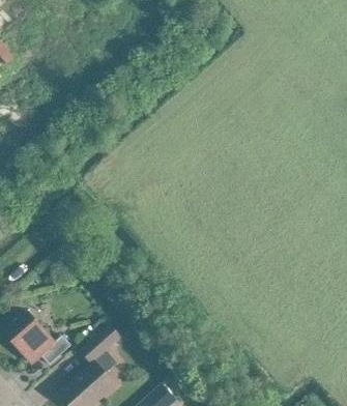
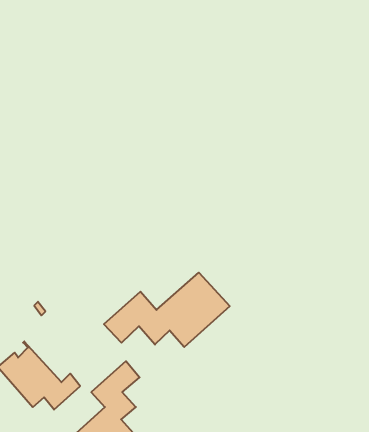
building: none -> [104,273,230,347]

